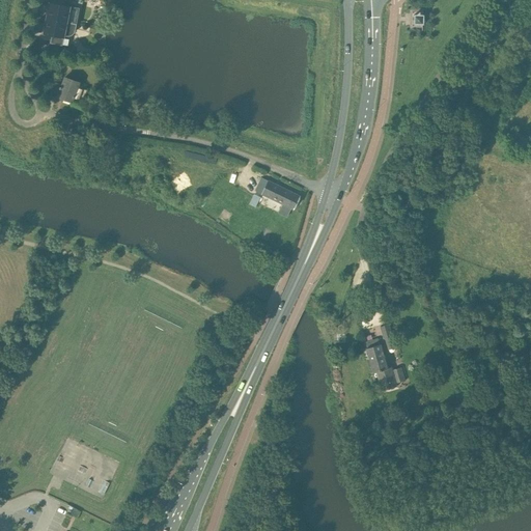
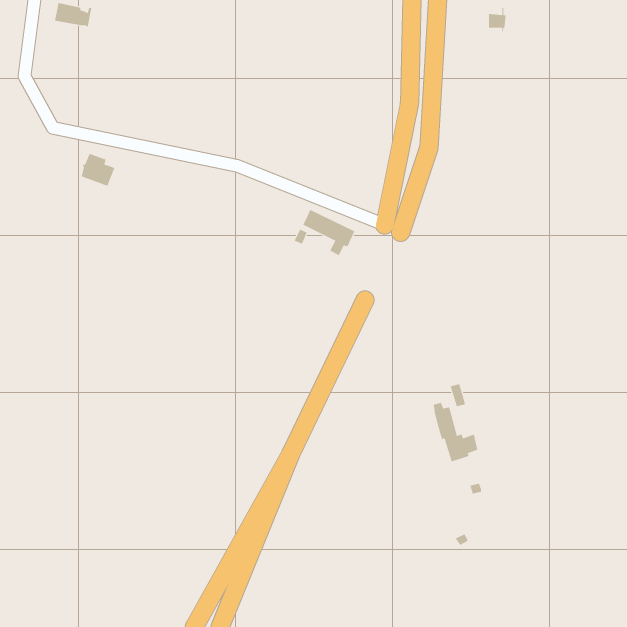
building: [43,18,76,44] -> none
building: [57,77,86,105] -> [81,153,115,186]

